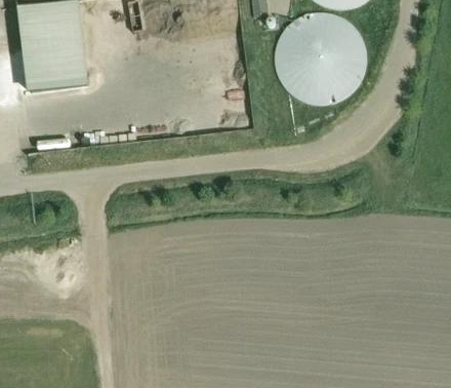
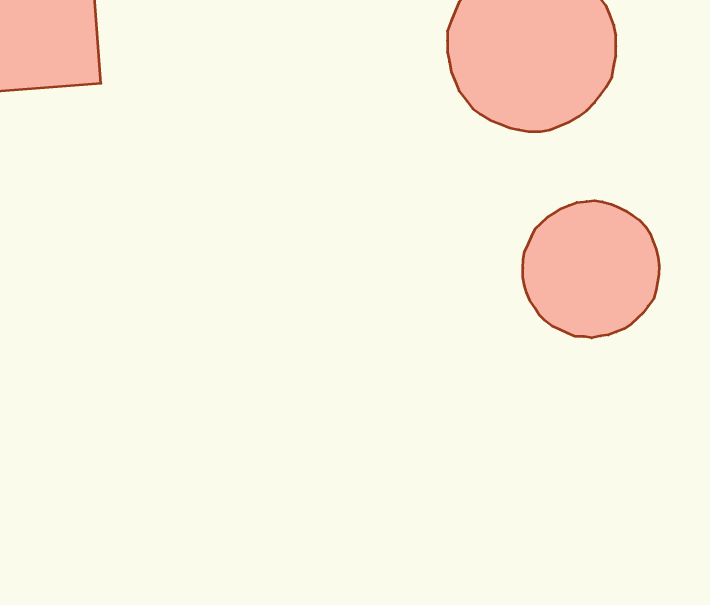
building: none -> [523,201,659,338]

